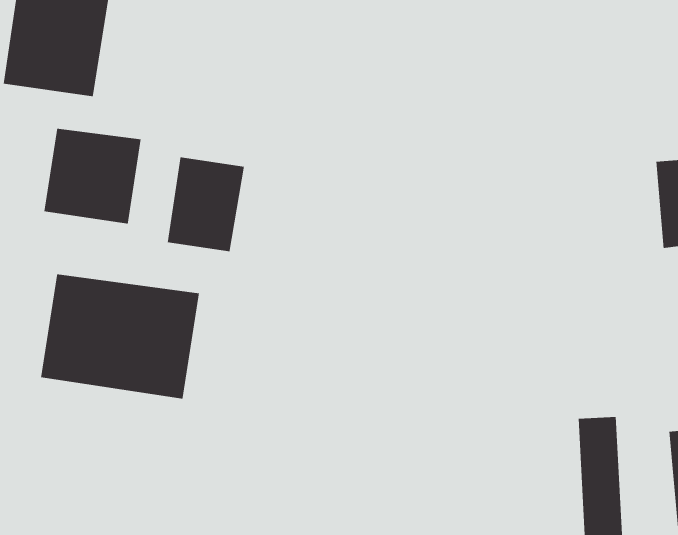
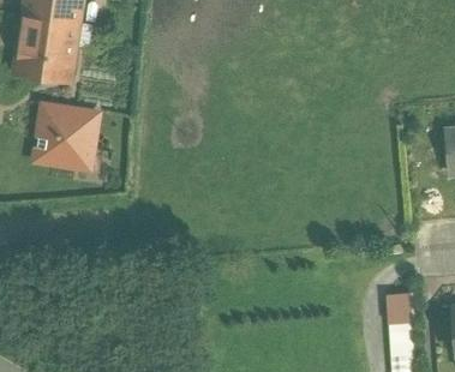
building: [167,157,244,252] -> none
building: [41,273,200,399] -> none

